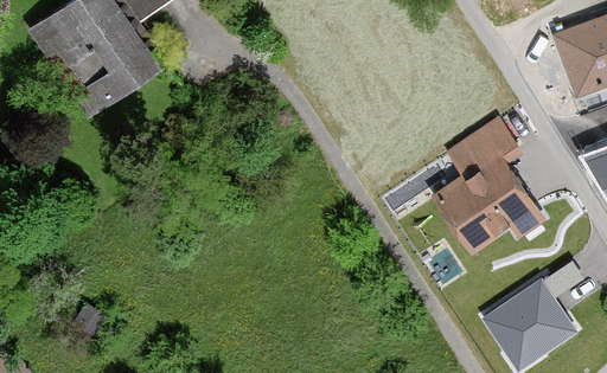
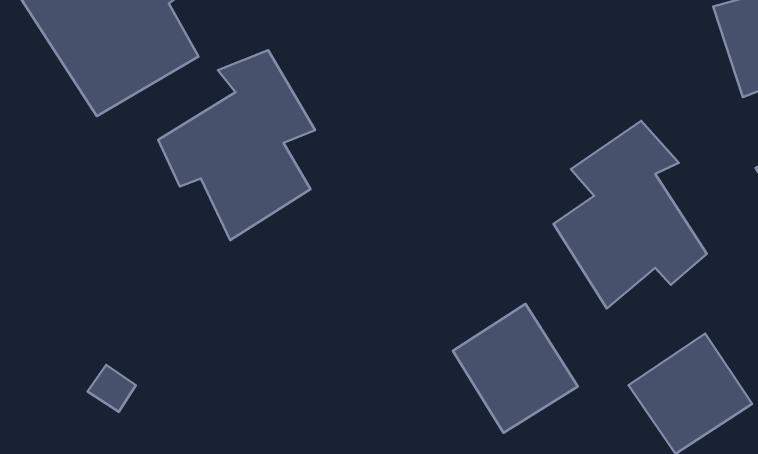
building: none -> [158,50,315,240]
building: none -> [453,304,578,433]

